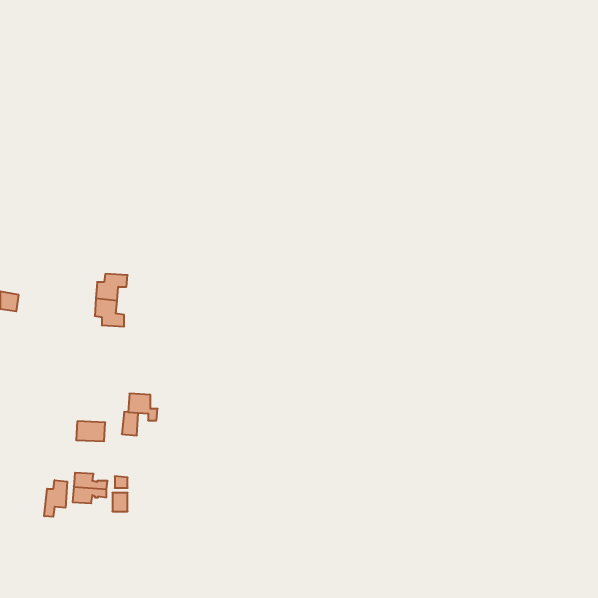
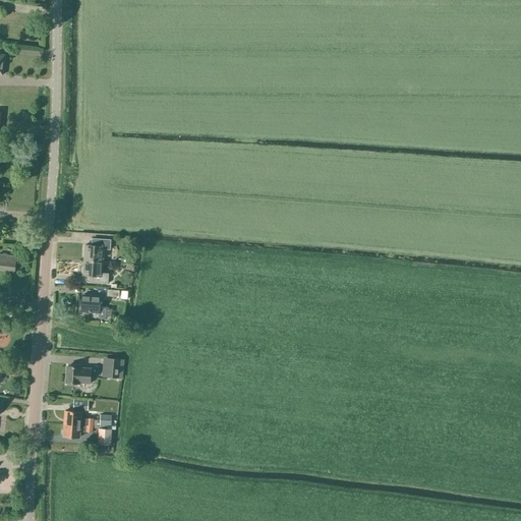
building: [128,394,158,420] -> [80,295,106,319]
building: [44,480,67,517] -> none

